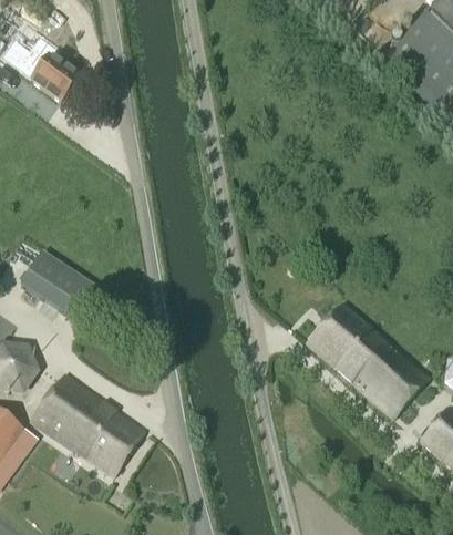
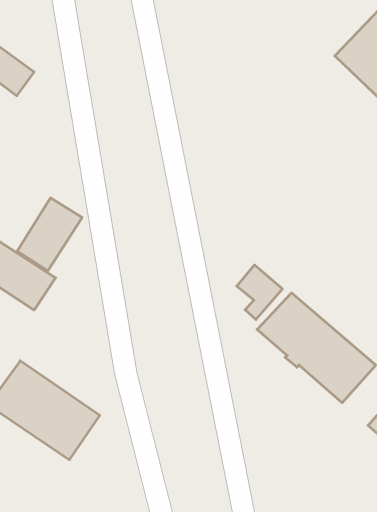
building: none -> [17,198,82,271]
building: none -> [237,265,282,320]

